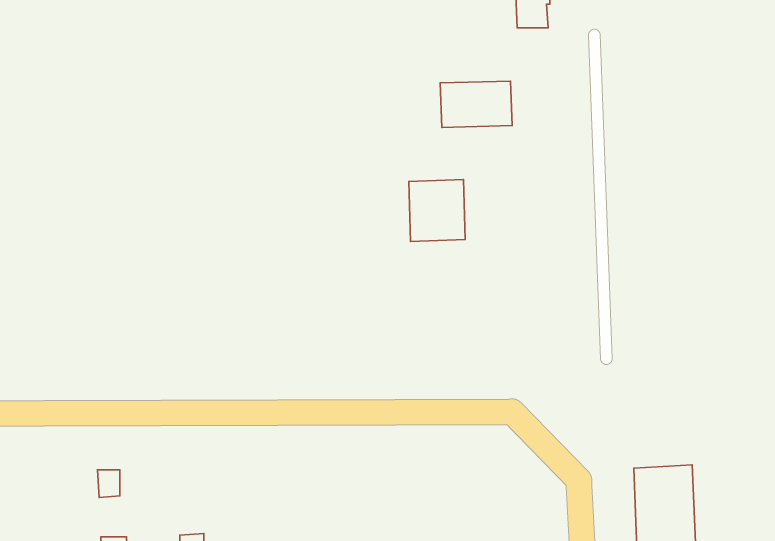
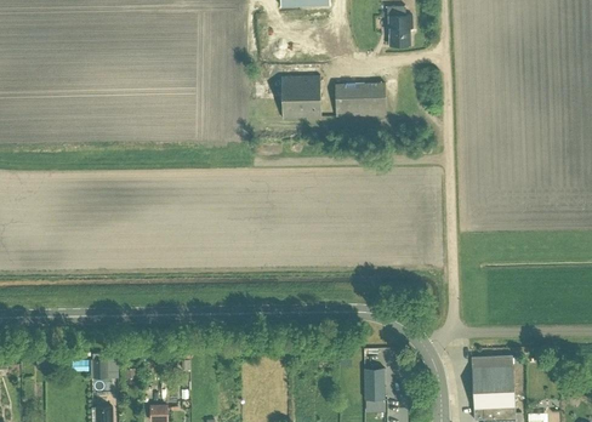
building: [409,180,465,241] -> [281,74,321,118]
building: none -> [365,366,385,398]

